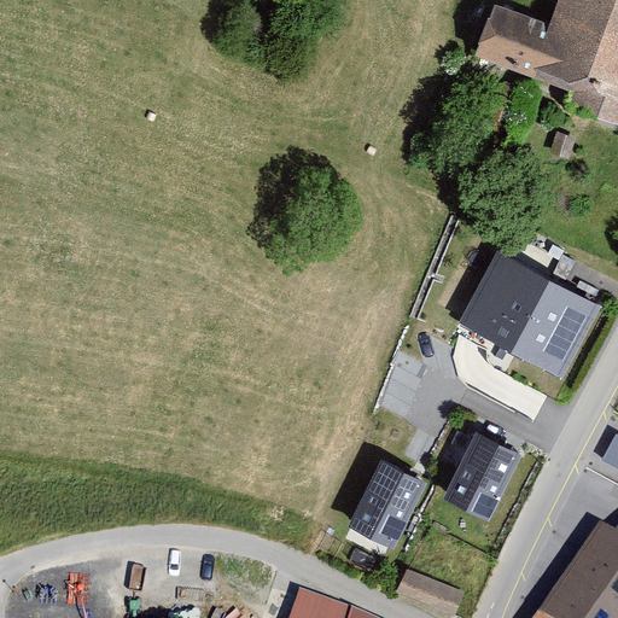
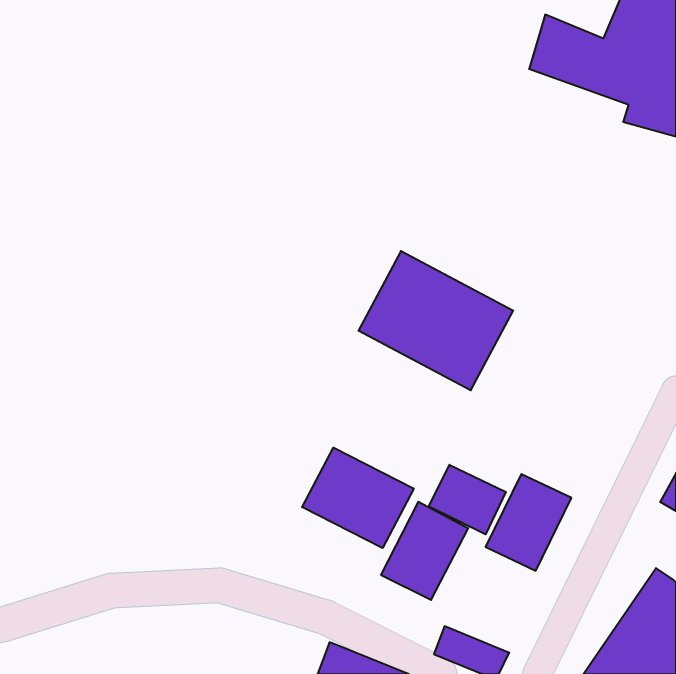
building: [460,250,601,377] -> [358,251,513,390]
building: none -> [302,448,414,548]
building: none -> [429,465,506,534]

